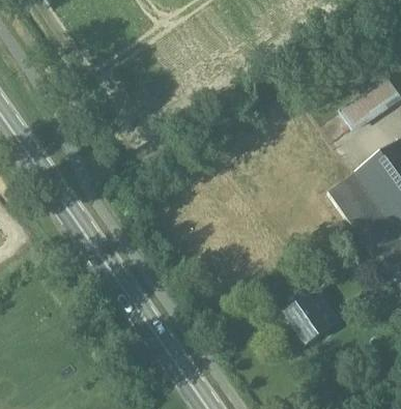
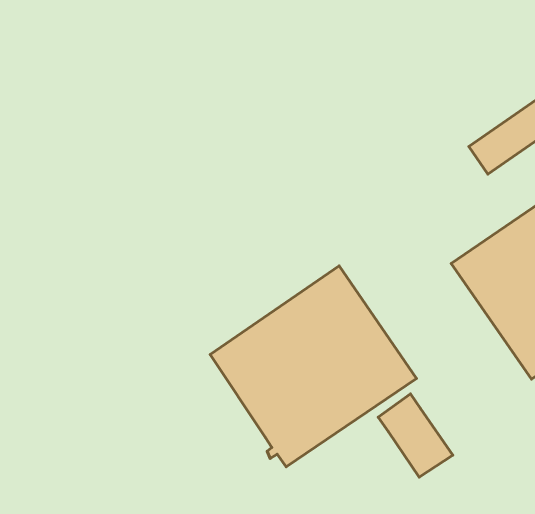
building: none -> [210,266,416,467]

